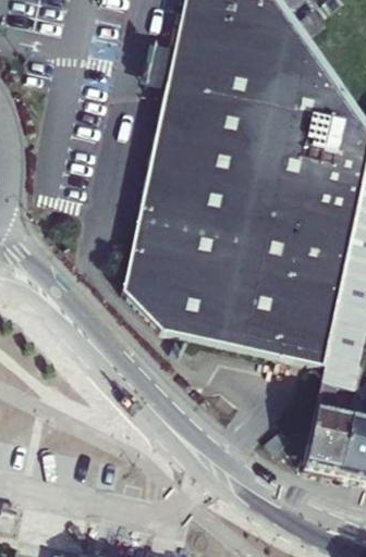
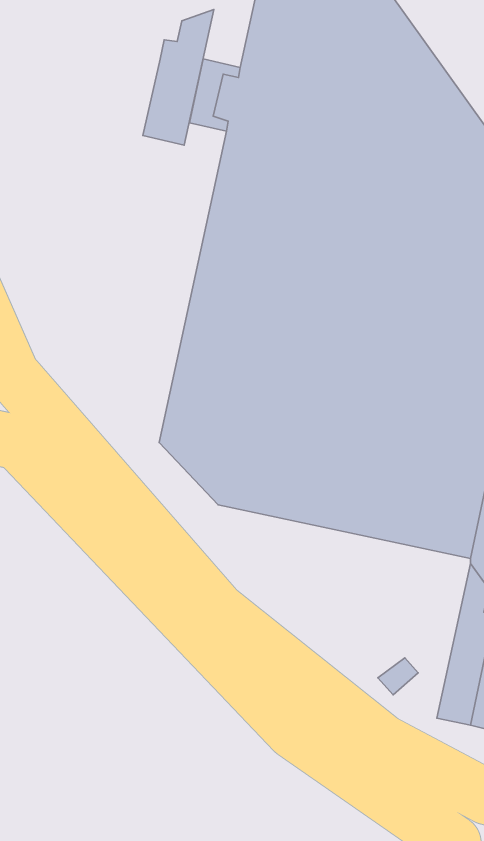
building: none -> [143,9,214,145]

